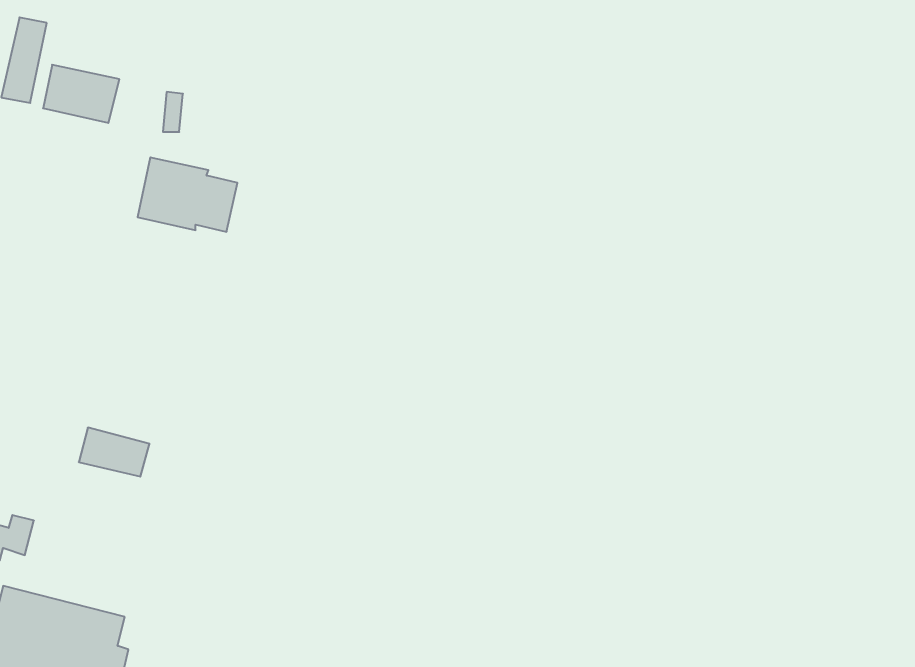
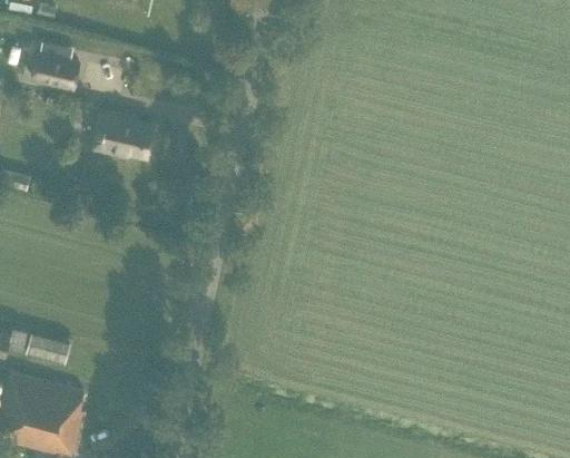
building: [79,428,150,477] -> [26,333,69,363]

